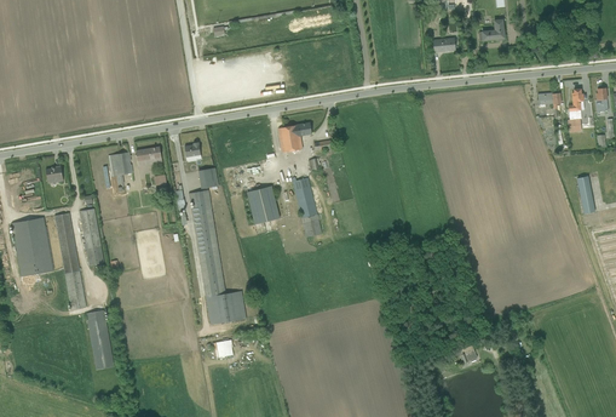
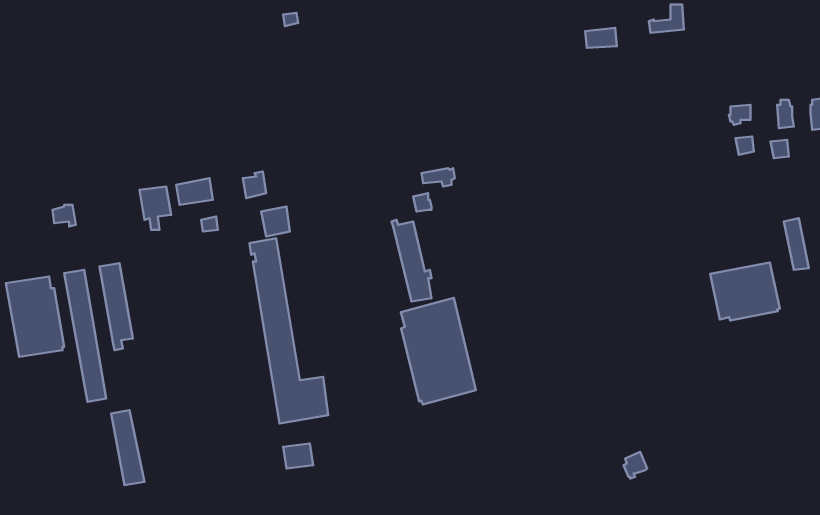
building: [278,122,311,153] -> none
building: [246,187,280,224] -> none
building: none -> [710,263,780,321]
building: none -> [401,298,476,404]

